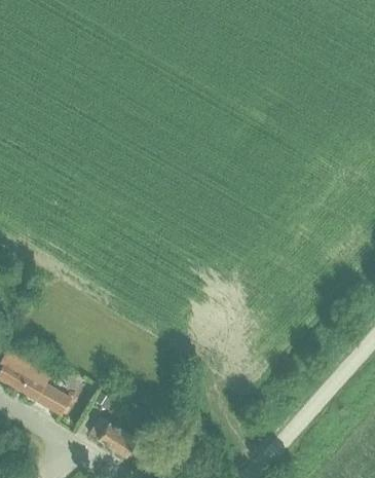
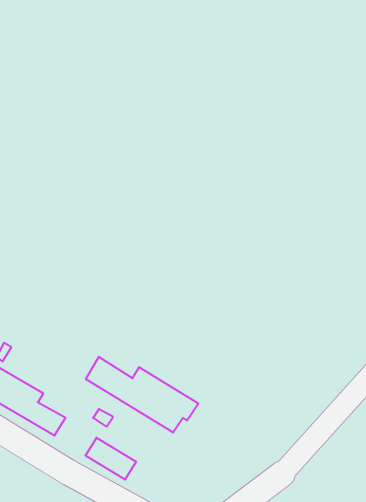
building: none -> [86,357,198,433]

